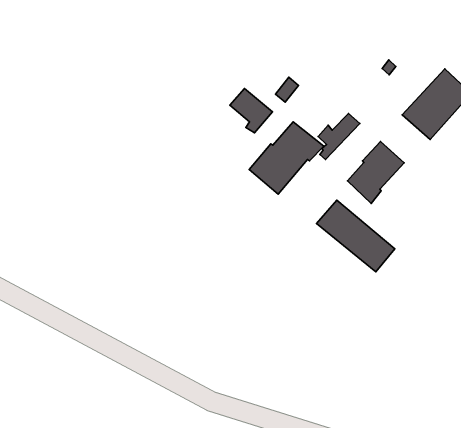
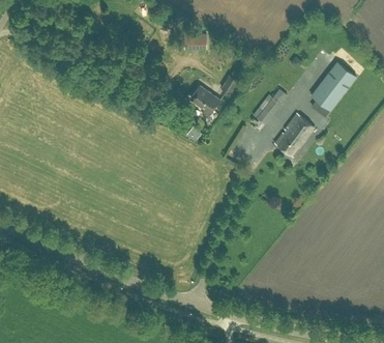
building: [249,122,324,194] -> none
building: [317,200,395,272] -> none

